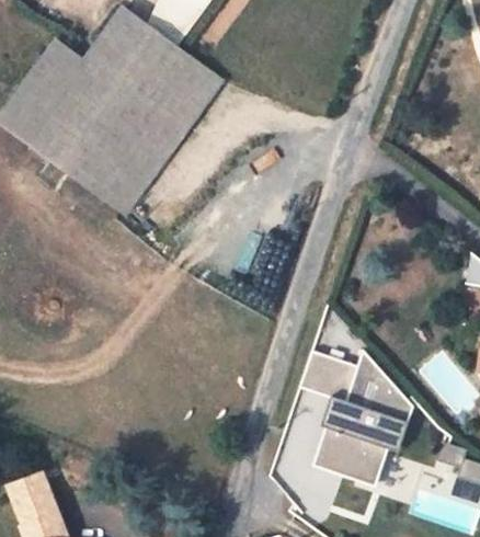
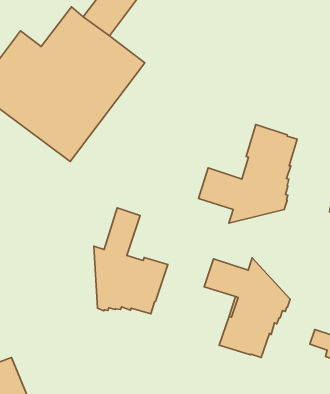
building: none -> [198,125,297,223]
building: none -> [94,208,168,314]

